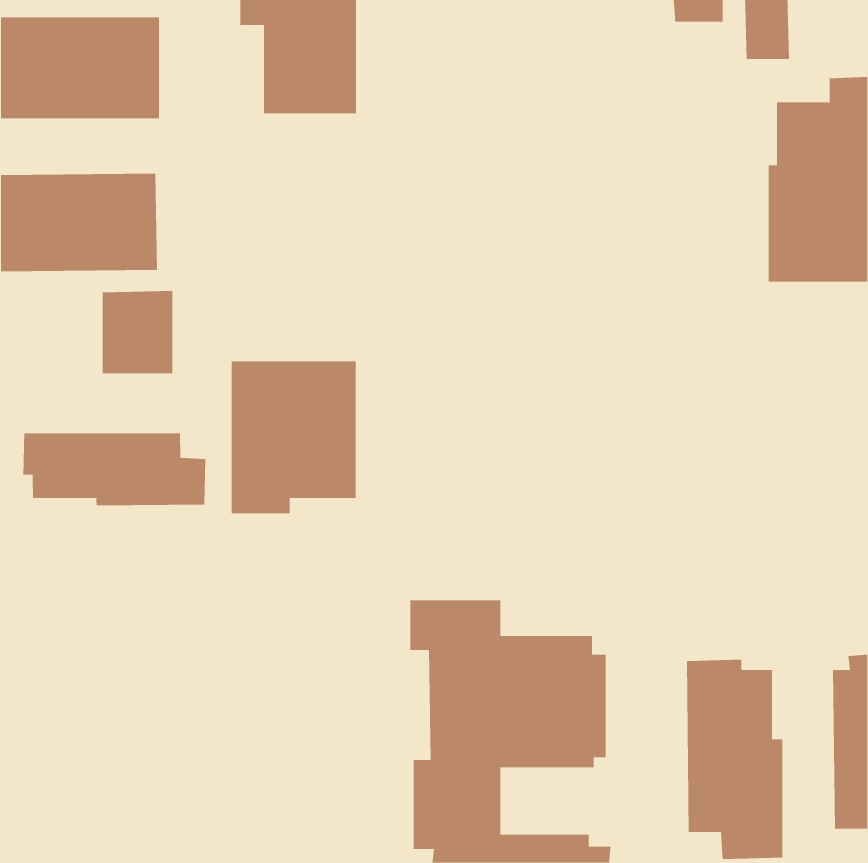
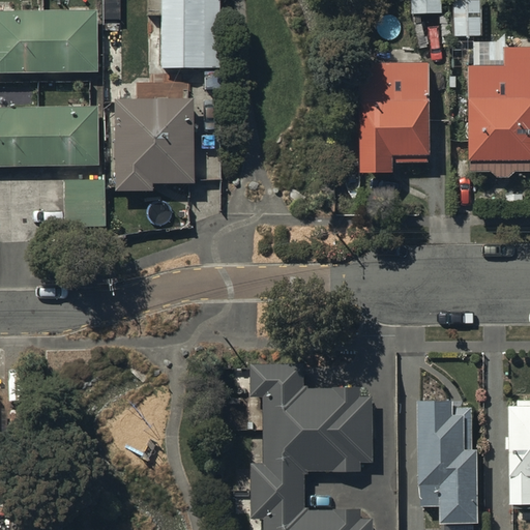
building: none -> [361,62,428,174]
building: [231,361,357,514] -> [114,99,190,193]
building: [23,433,206,506] -> none

